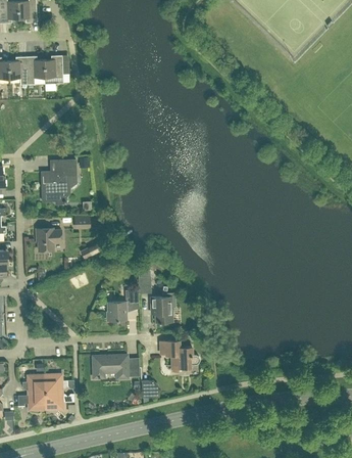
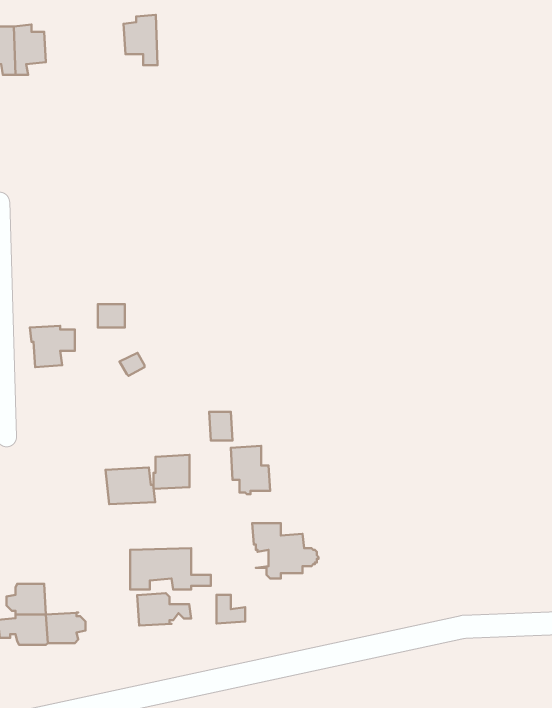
building: [44,55,63,84] -> [124,15,158,65]
building: [41,159,77,204] -> none
building: none -> [105,468,155,504]
building: [44,374,74,393] -> [137,593,191,626]

